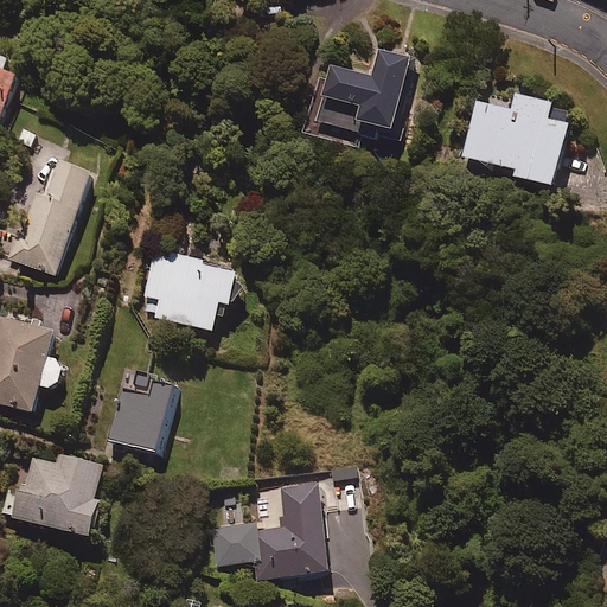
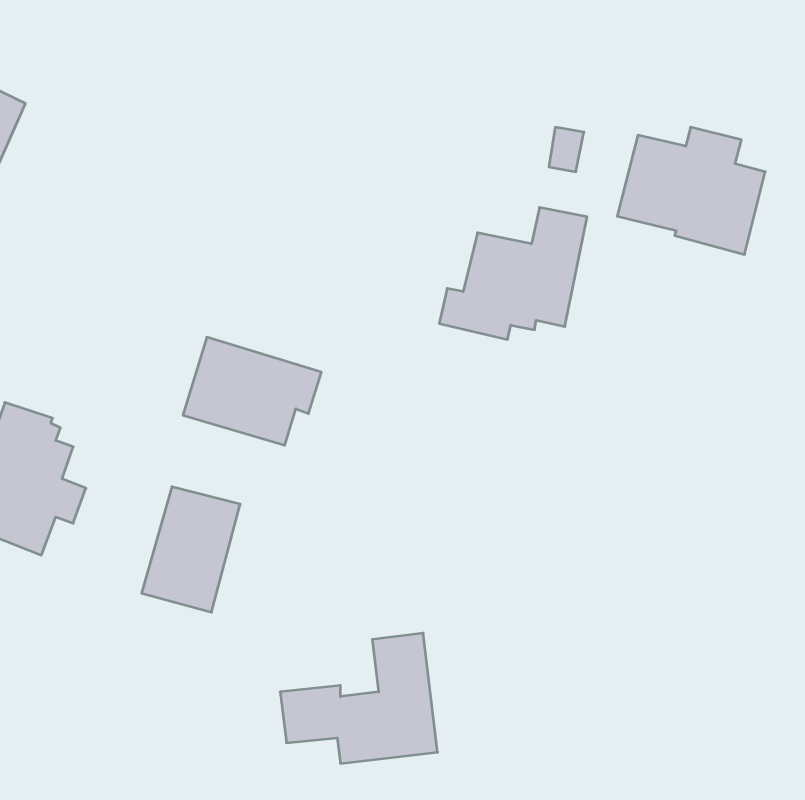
building: [304,47,414,146] -> [439,207,587,339]
building: [8,158,92,273] -> none
building: [12,453,103,539] -> none

